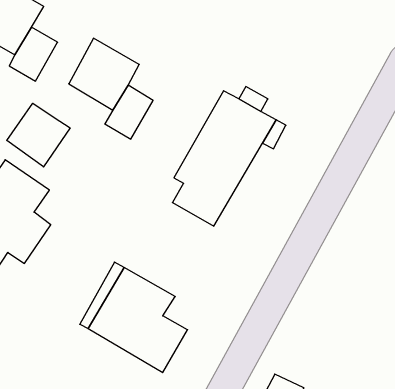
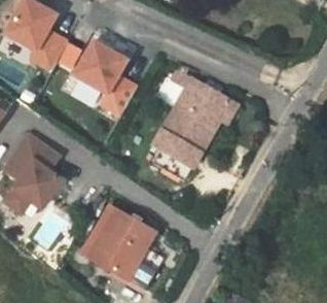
building: [7,103,70,167] -> none

